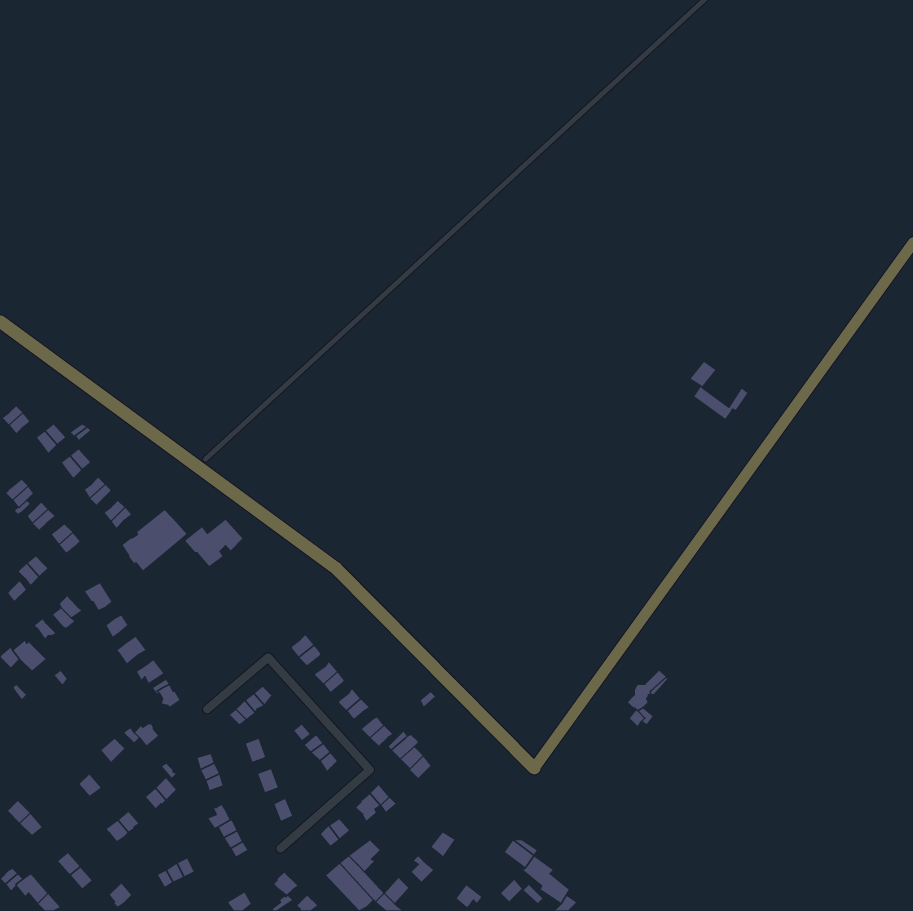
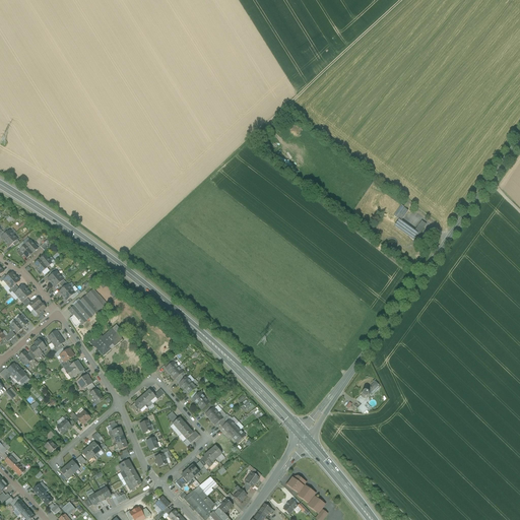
building: [184,519,243,567] -> [88,328,122,355]

